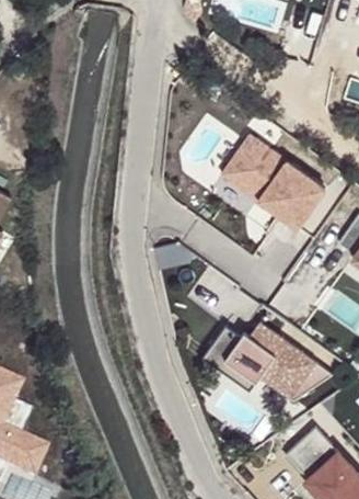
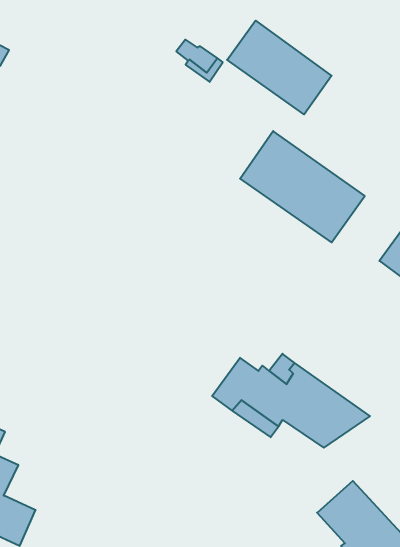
building: none -> [227,21,332,114]

